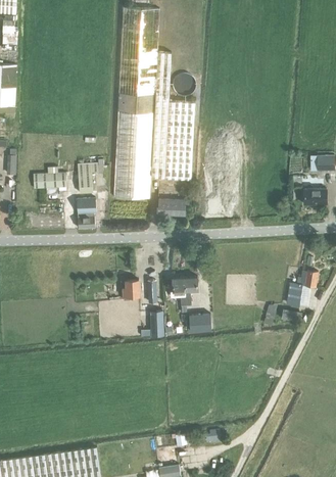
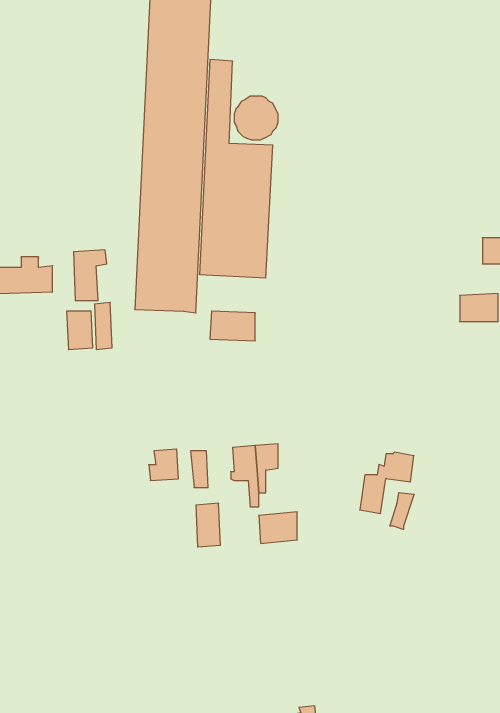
building: [286,271,318,306] -> [360,452,414,513]

